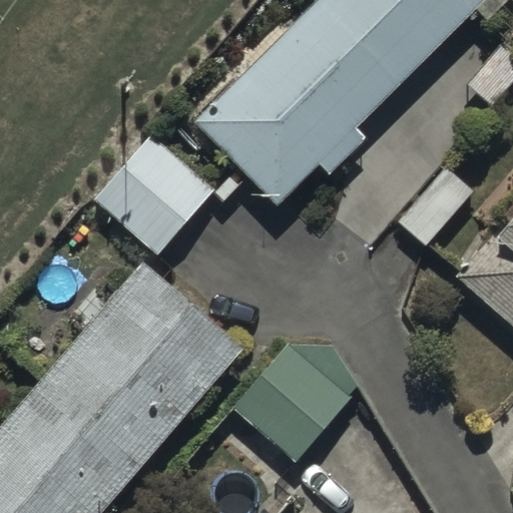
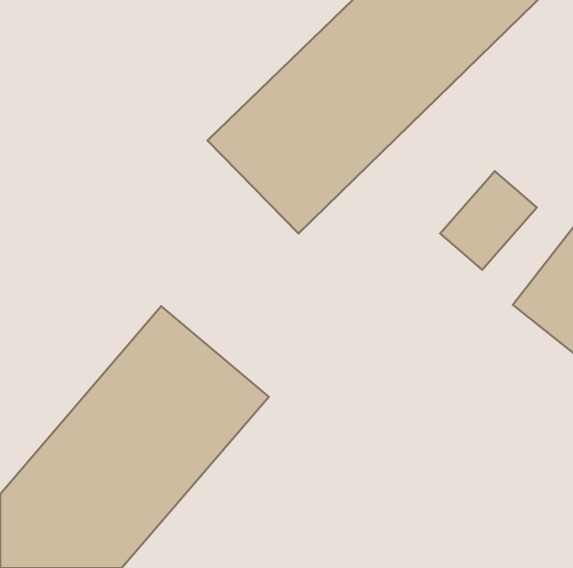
building: [92,145,211,264] -> none
building: [237,337,365,453] -> none

